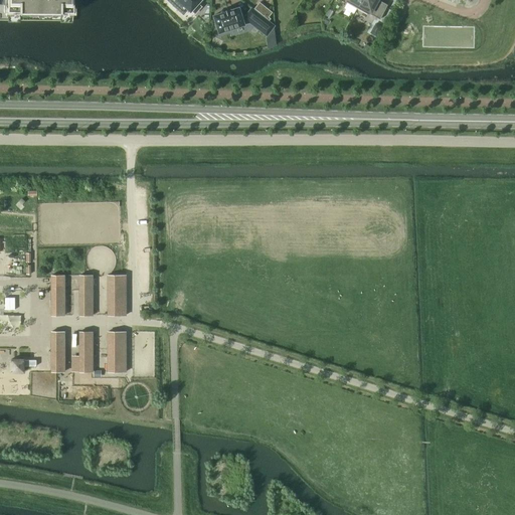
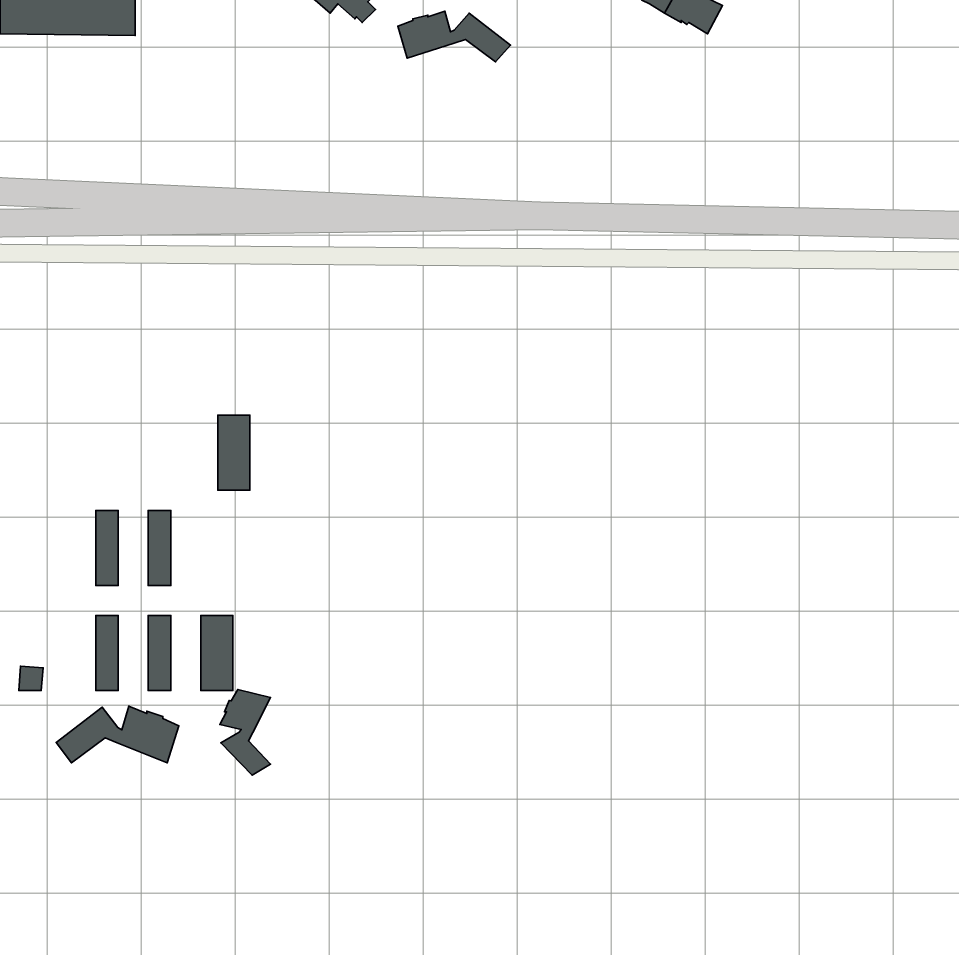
building: [108,274,125,314] -> [218,415,250,490]
building: none -> [220,690,271,775]
building: none -> [56,706,179,763]

